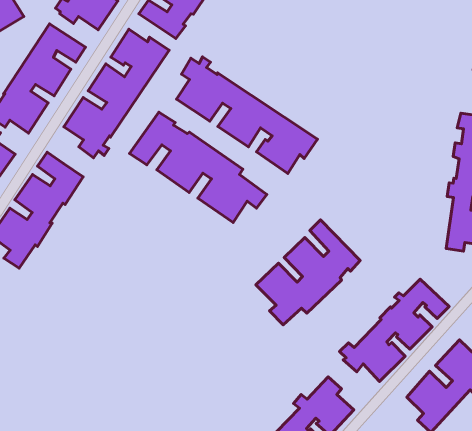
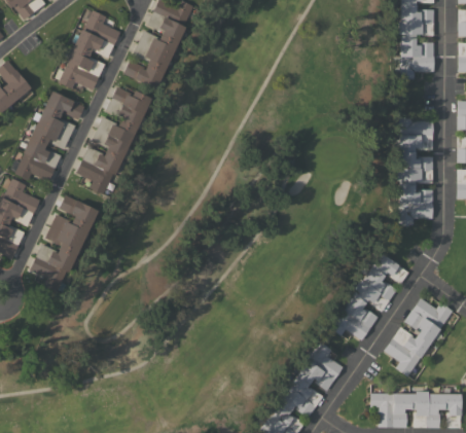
building: [176,57,317,173] -> none
building: [130,112,267,222] -> none
building: [256,220,360,325] -> none

